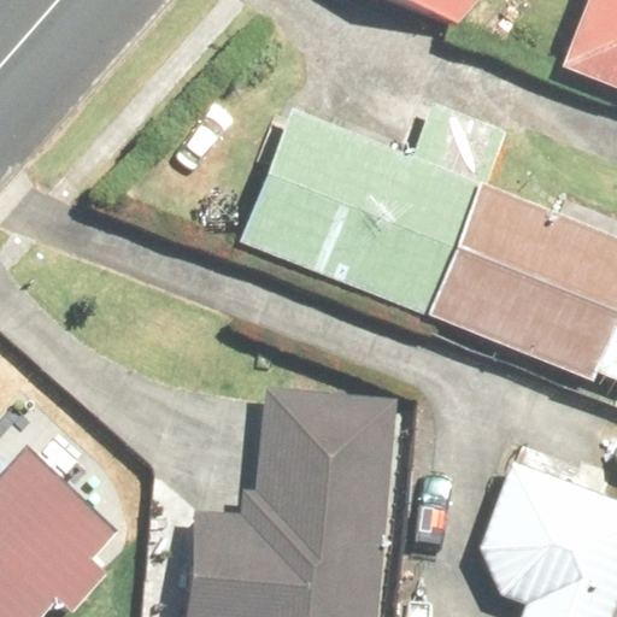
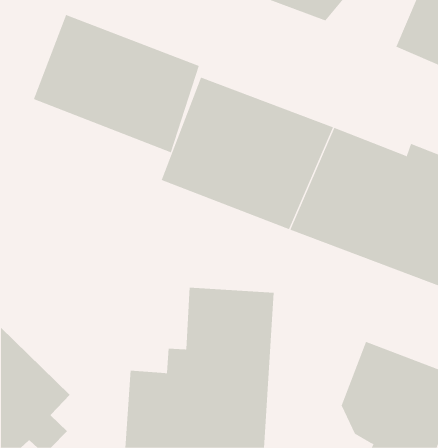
building: none -> [33,14,200,153]

